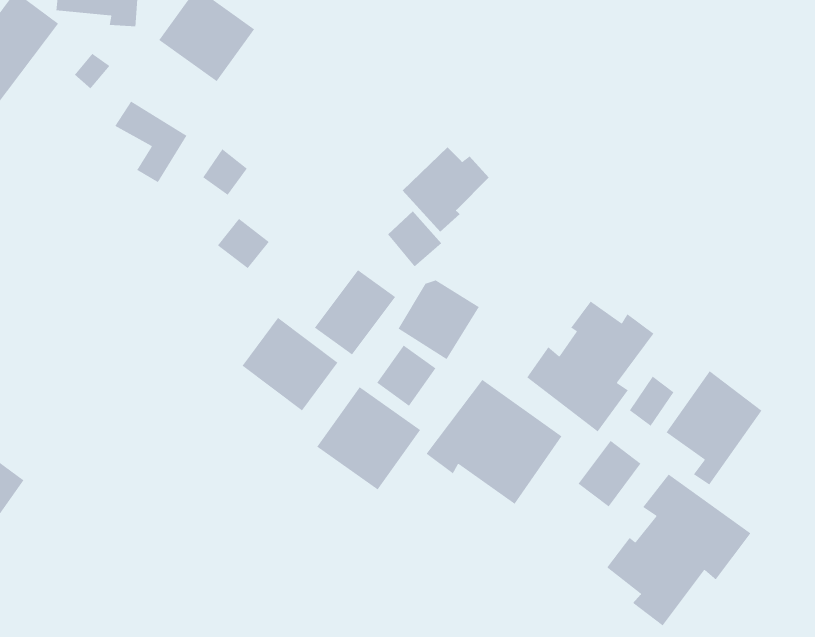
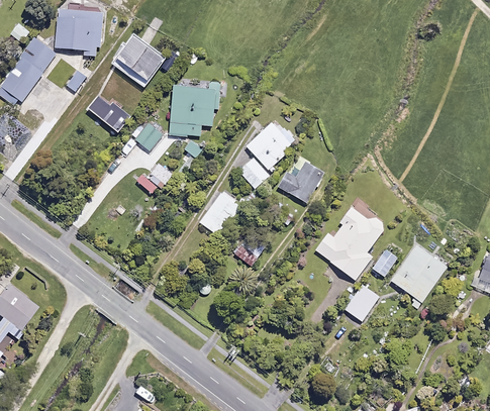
building: none -> [169,82,217,136]
building: [397,279,480,360] -> [279,159,324,203]
building: [241,317,339,411] -> none
building: [426,379,563,505] -> none
building: [316,386,421,491] -> none
building: [606,473,751,626] -> none

